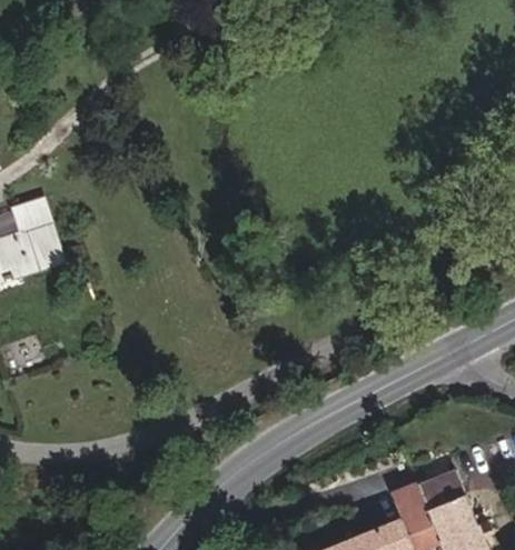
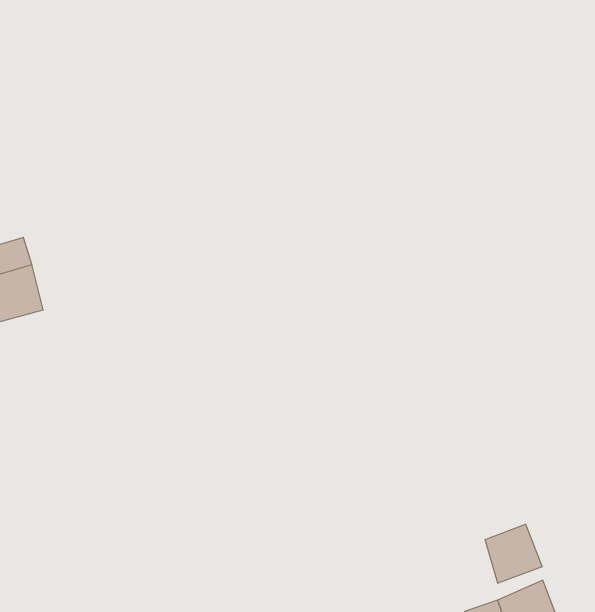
building: none -> [485,524,542,583]

